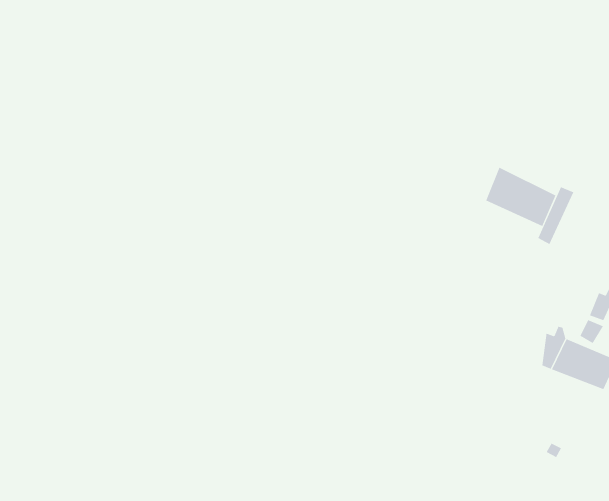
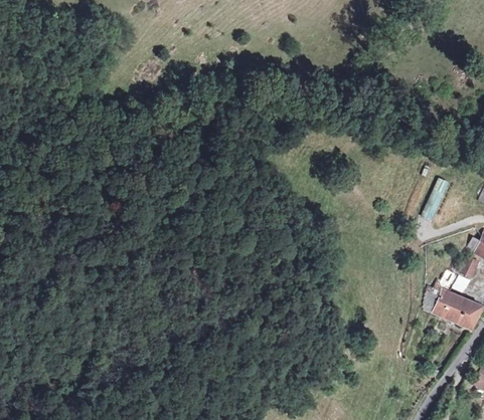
building: [486,167,556,227] -> none

